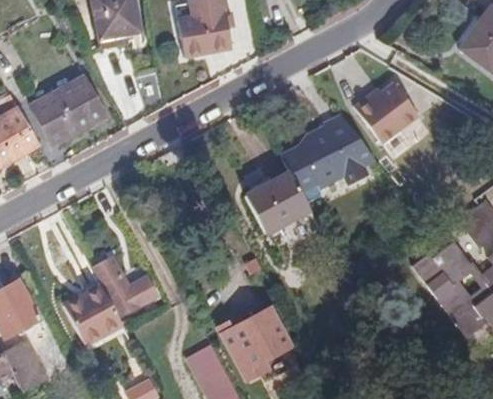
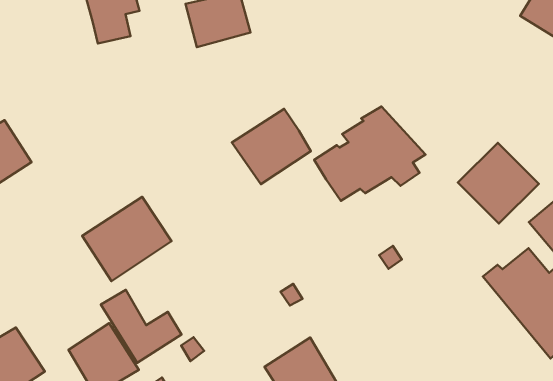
building: [34,72,109,141] -> [82,197,172,281]
building: [351,76,419,144] -> [458,143,539,223]
building: [242,174,308,236] -> [232,109,311,184]

